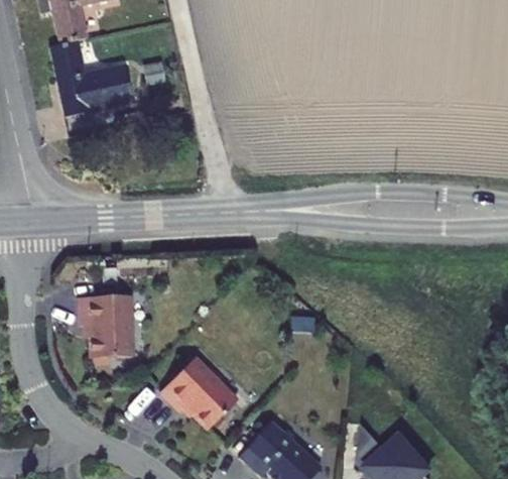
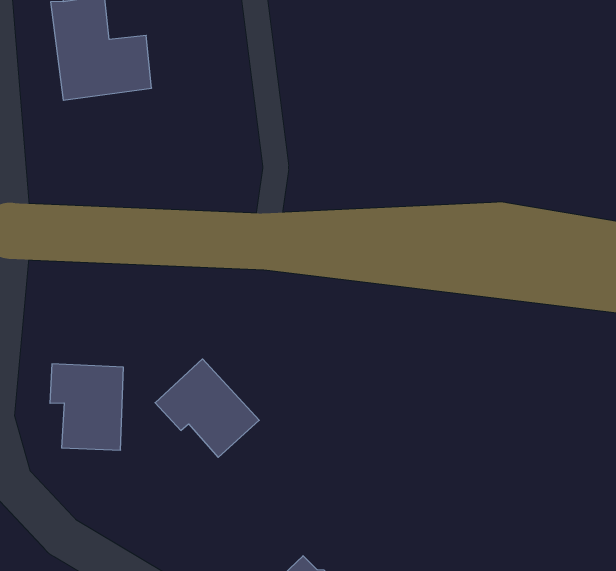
building: [161,357,237,427] -> [155,359,259,457]

